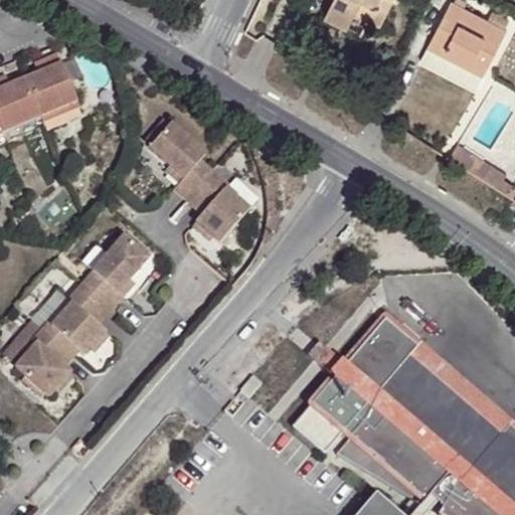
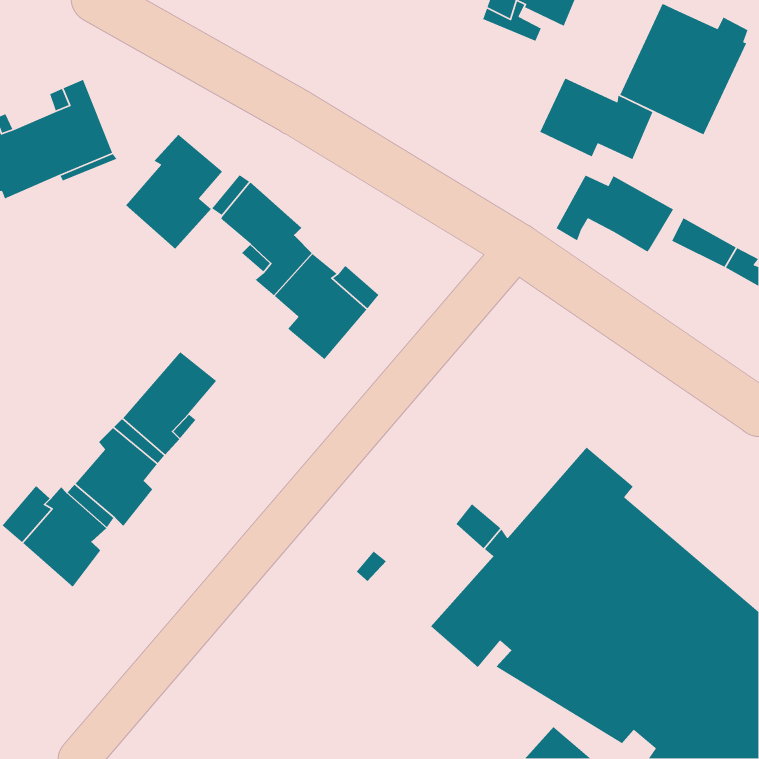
building: none -> [539,78,654,160]
building: none -> [125,134,223,250]
building: none -> [556,174,674,252]

